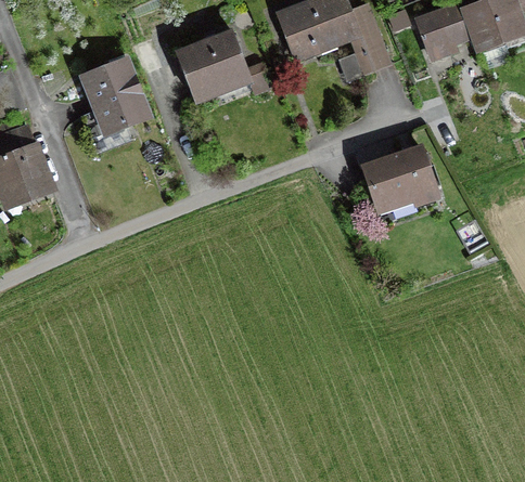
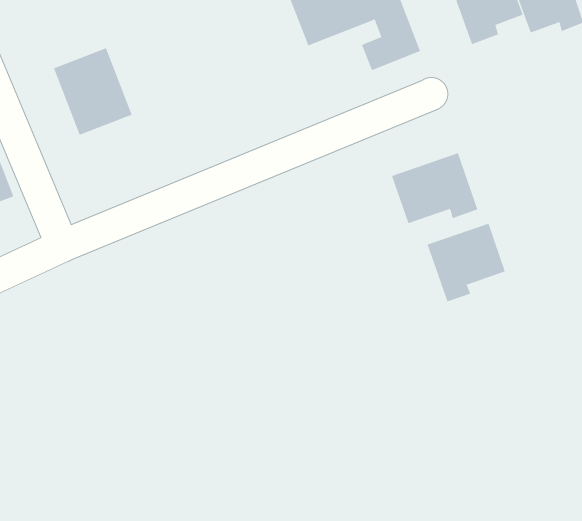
building: [177,32,270,97] -> none
building: none -> [427,223,505,302]

